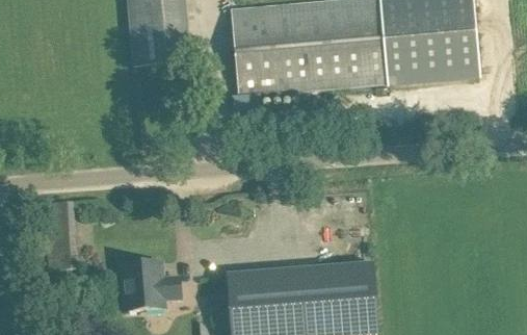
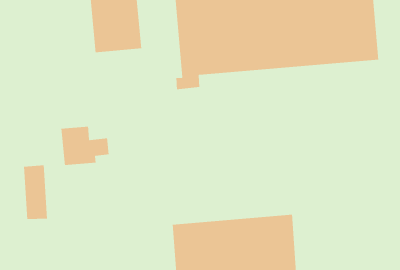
building: [122,264,181,313] -> [61,126,109,166]

